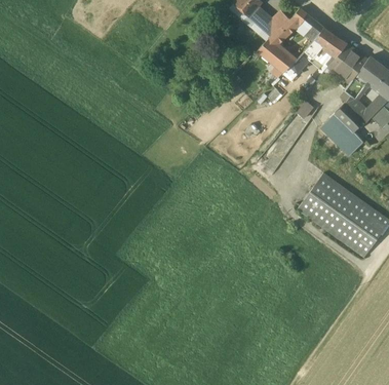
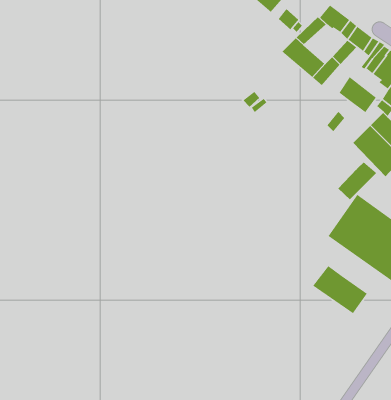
building: none -> [338,76,377,113]
building: none -> [337,161,377,200]
building: none -> [312,265,368,314]

